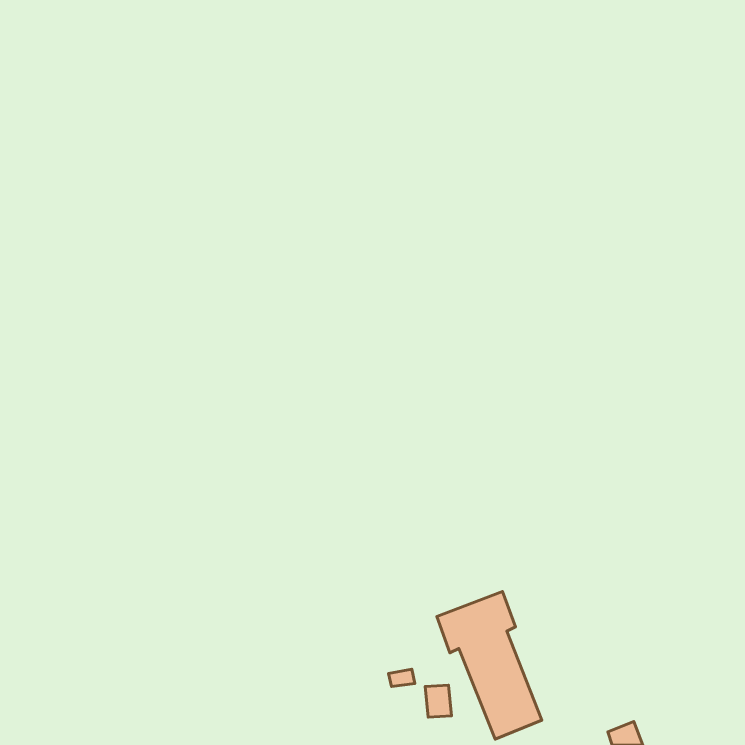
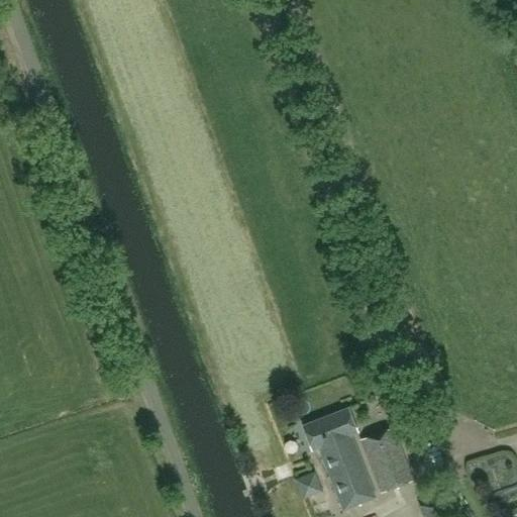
building: none -> [361,426,414,493]

